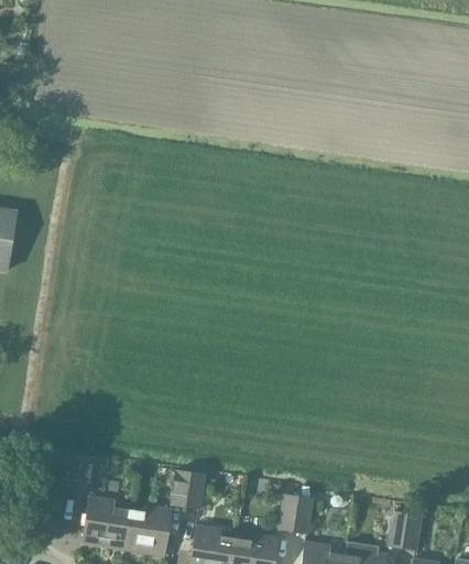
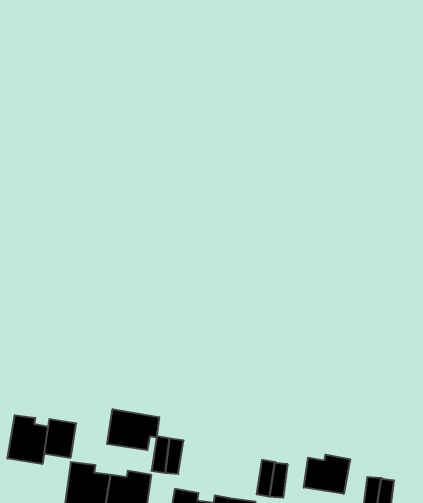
building: none -> [107,409,159,450]
building: none -> [7,415,48,464]
building: none -> [304,455,350,494]

